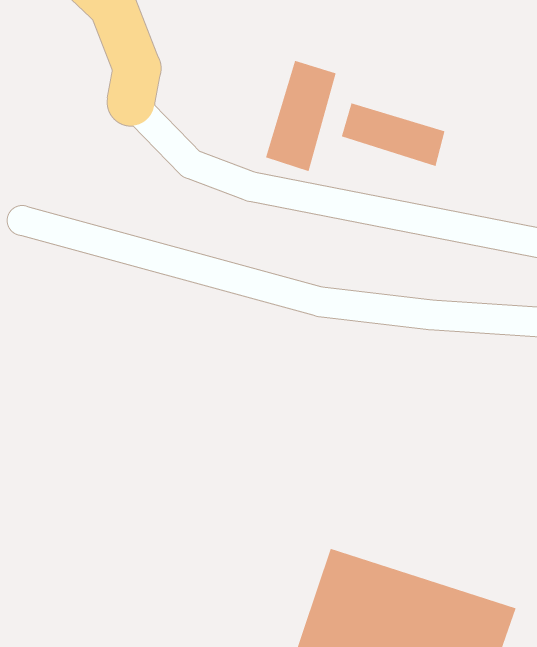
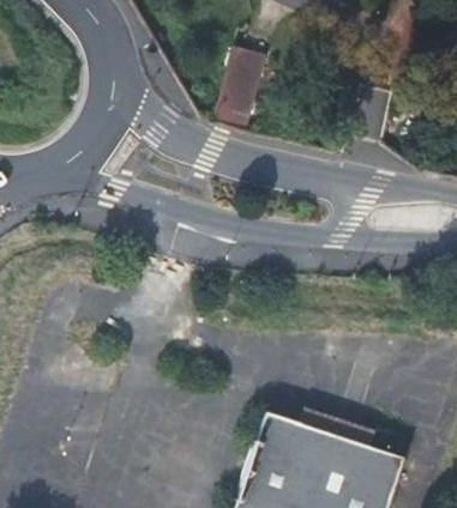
building: [341,103,445,167] -> none

